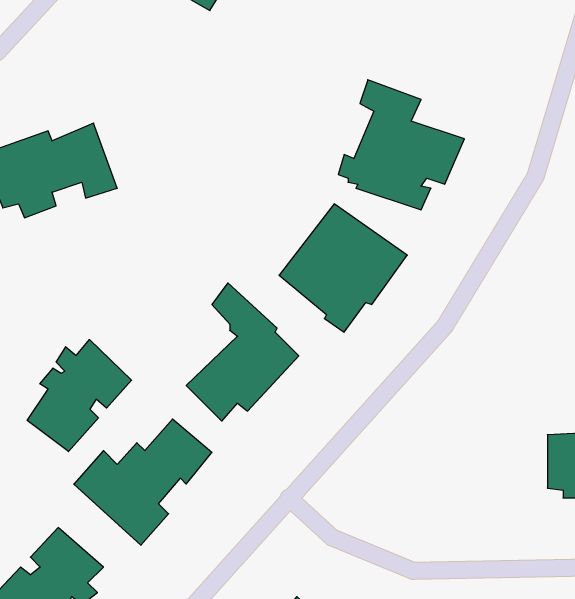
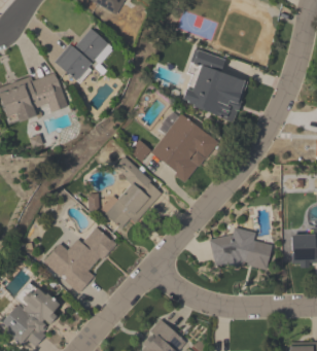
building: none -> [55,28,108,80]
building: [27,340,132,452] -> none
building: none -> [209,227,272,270]

